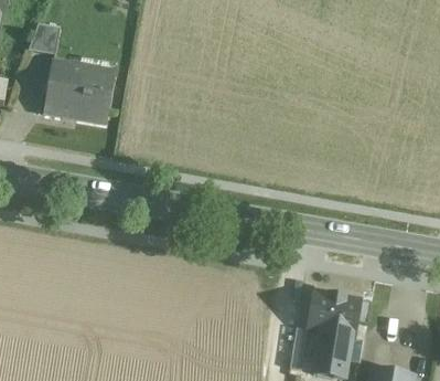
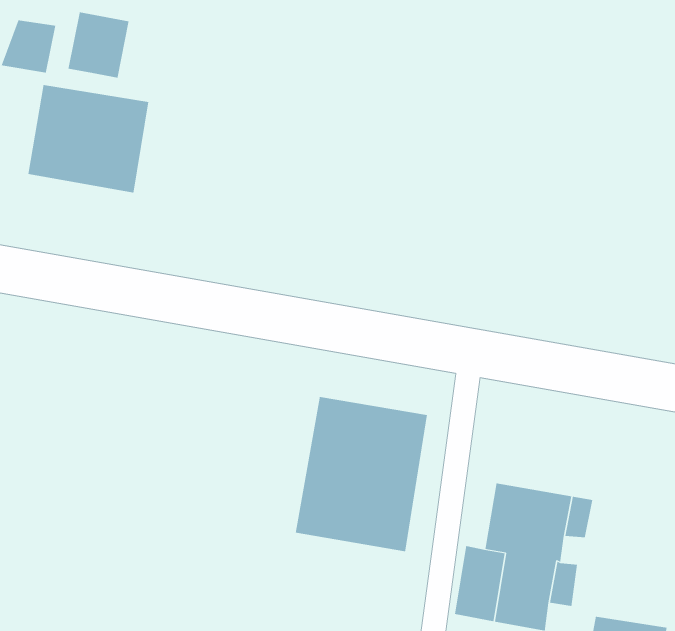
building: none -> [68,12,129,78]
building: none -> [295,396,428,552]

